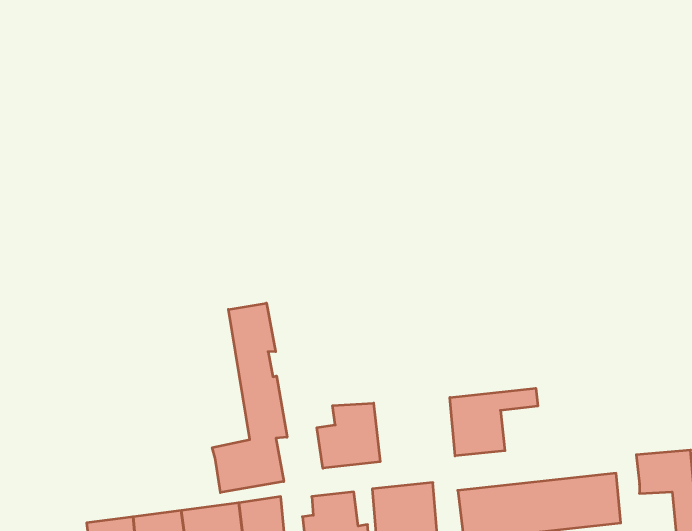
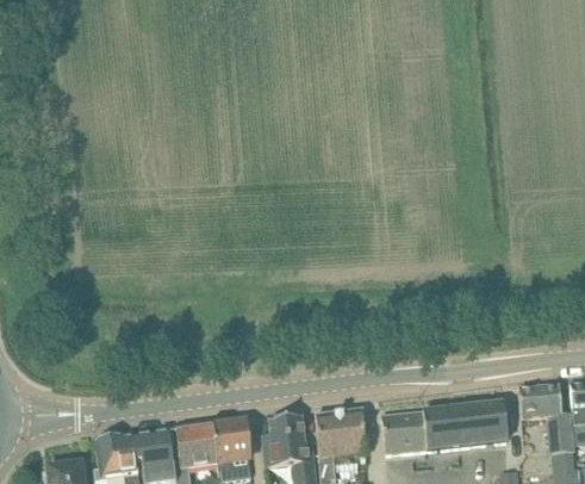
building: [212,303,287,493] -> none
building: [450,388,538,456] -> none
building: [317,403,380,468] -> none

